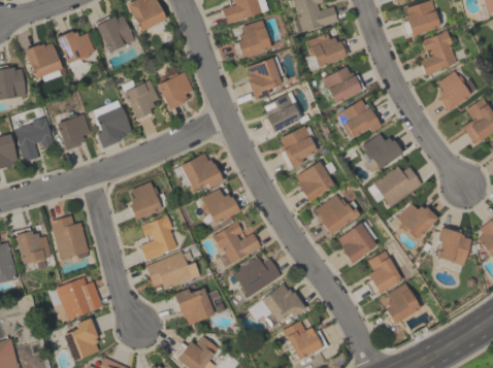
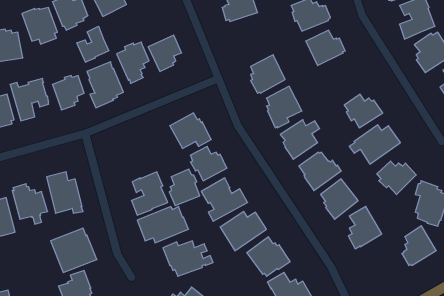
building: [248,57,285,100] -> none
building: none -> [77,26,109,62]
building: [338,100,382,138] -> none
building: [130,181,162,220] -> [169,169,200,206]
building: [385,283,421,325] -> [402,226,436,265]

